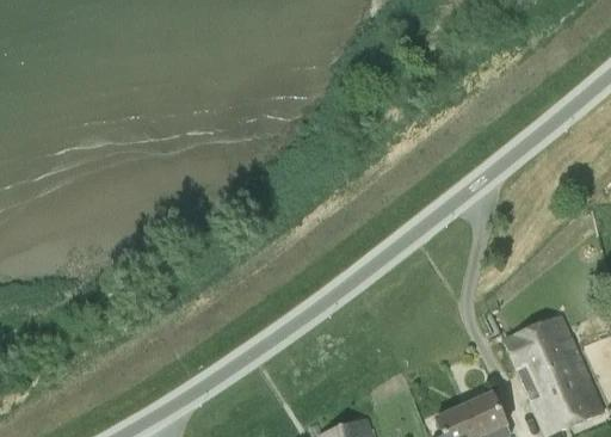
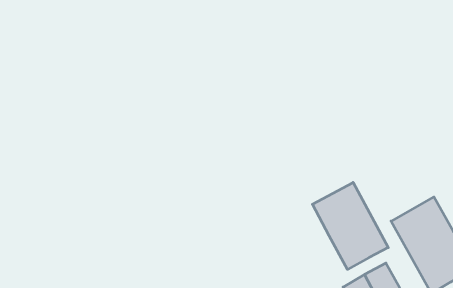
building: none -> [312,182,388,269]

